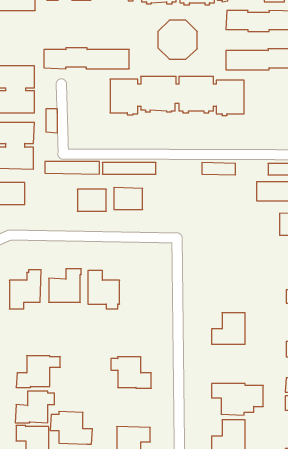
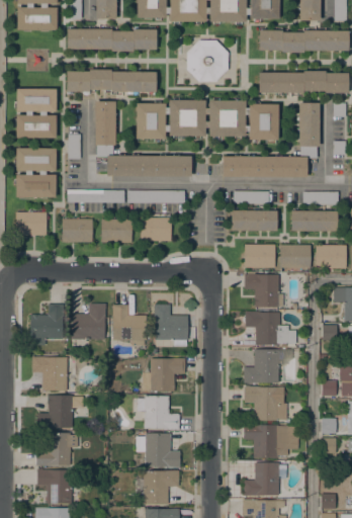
building: none -> [67,29,157,52]
building: none -> [95,101,191,176]
building: none -> [223,103,320,178]
building: none -> [232,210,277,231]
building: none -> [62,220,93,243]
building: none -> [245,245,275,268]
building: none -> [280,245,311,268]
building: none -> [245,274,286,308]
building: none -> [155,305,188,347]
building: none -> [245,312,296,345]
building: none -> [32,357,76,391]
building: none -> [143,358,185,392]
building: none -> [245,386,287,421]
building: [50,411,92,444] -> [137,433,181,467]

